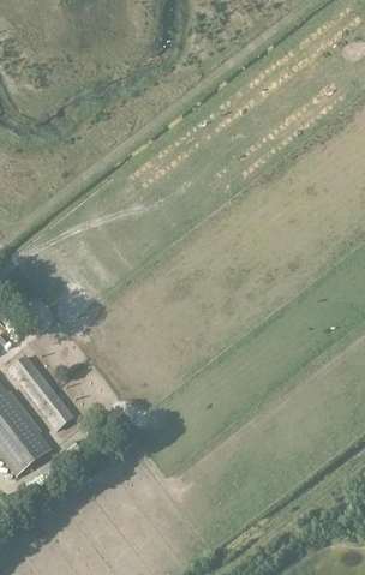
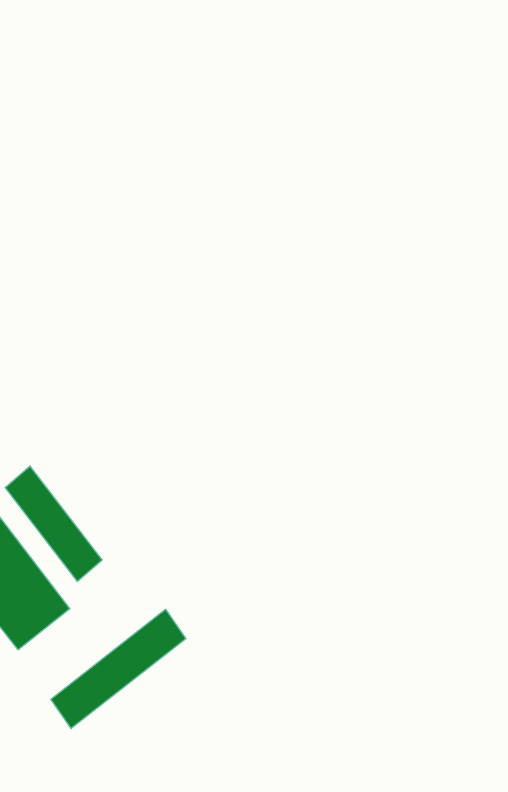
building: none -> [51,609,186,729]

